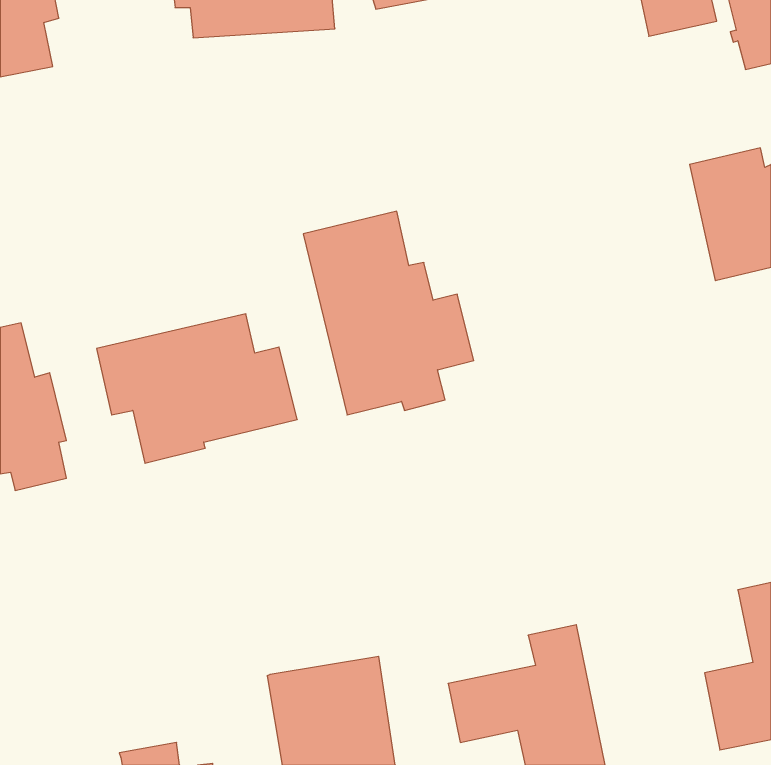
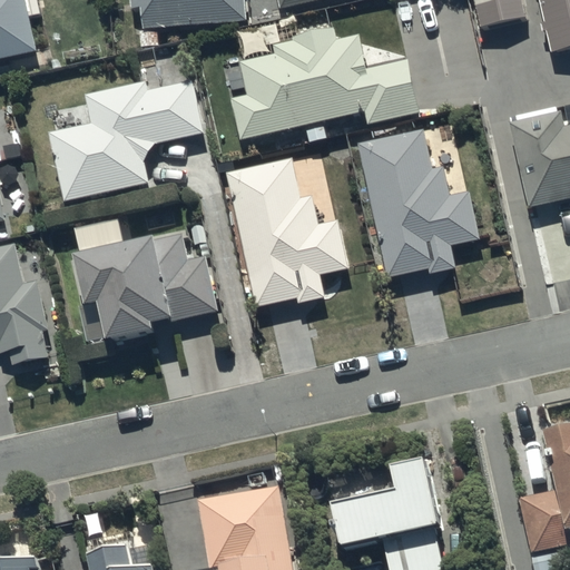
building: none -> [234,28,421,140]
building: none -> [47,79,205,198]
building: none -> [357,127,479,275]

